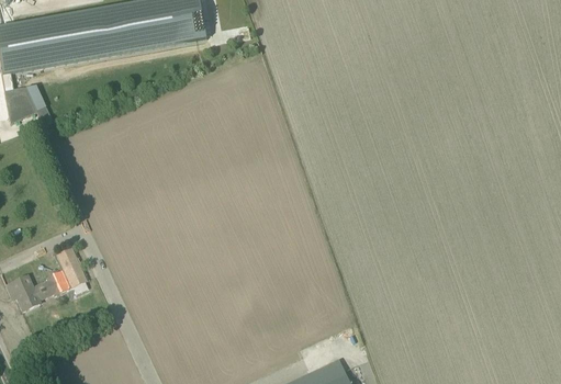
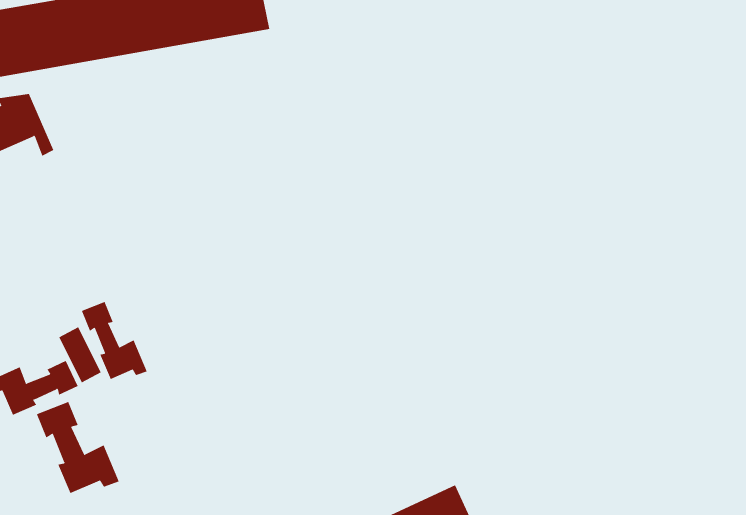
building: none -> [81,301,147,380]
building: none -> [36,401,119,494]

